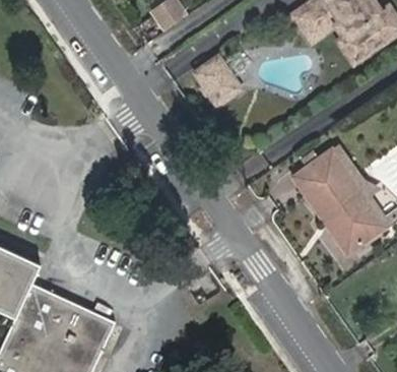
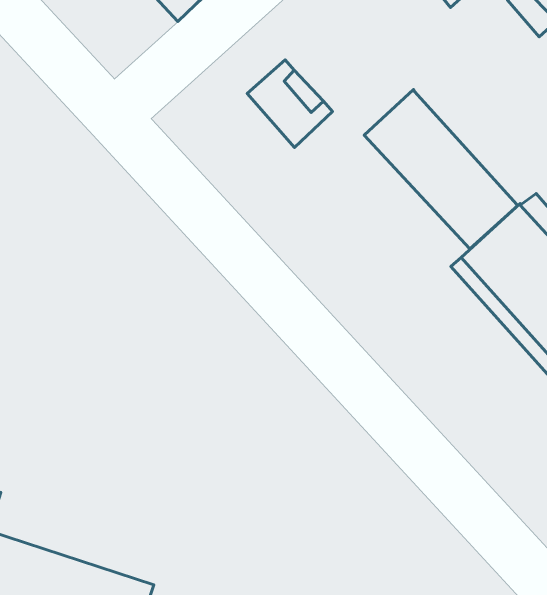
building: none -> [364,89,519,249]

